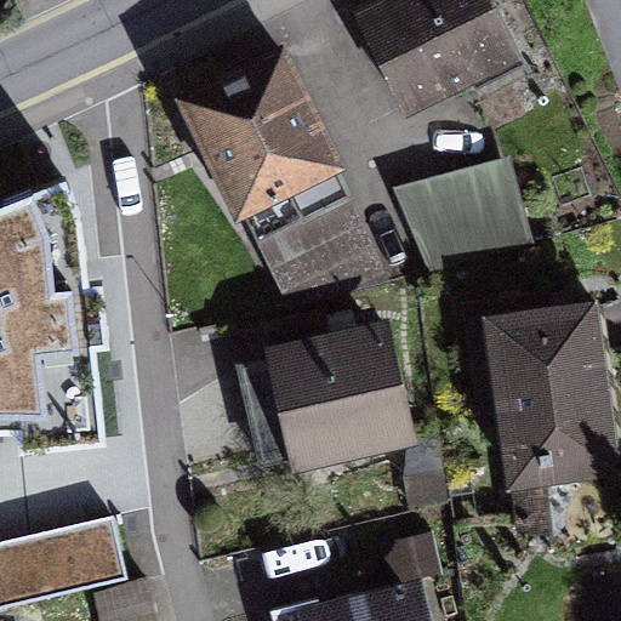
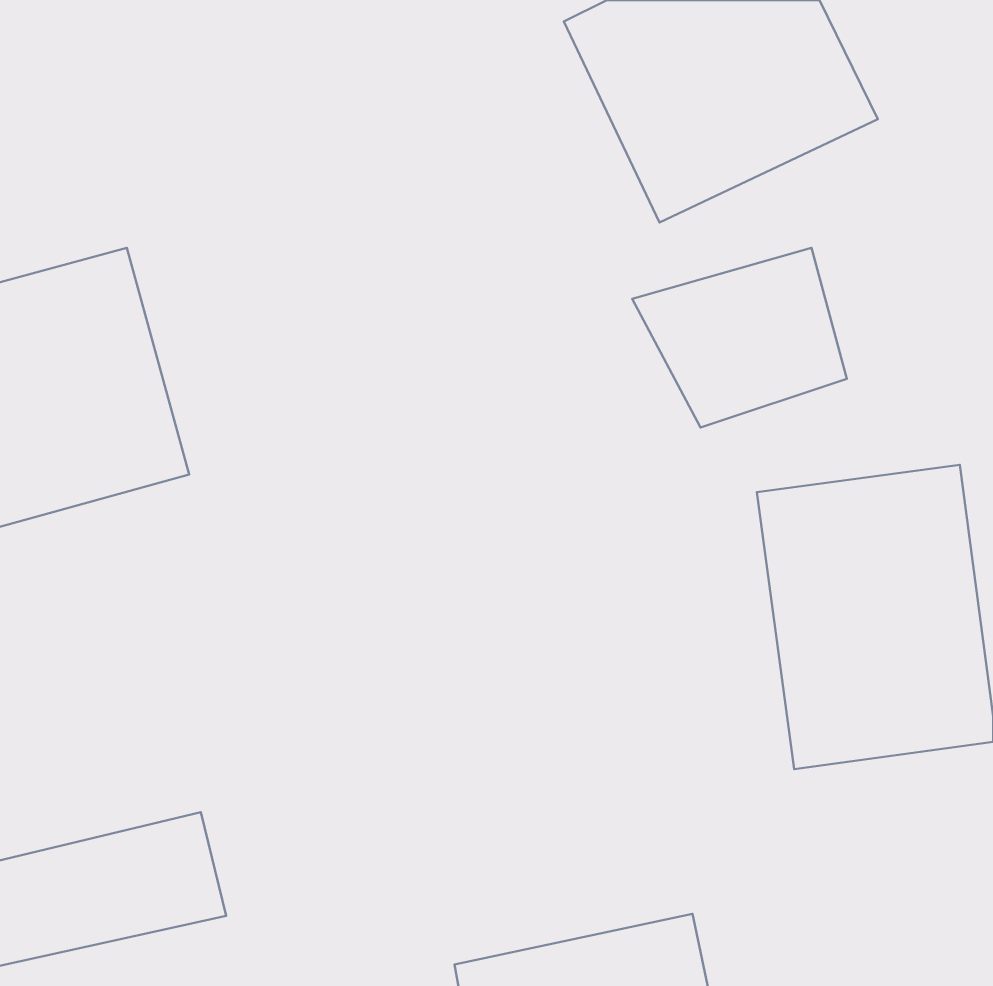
building: [176,52,376,308] -> none
building: [258,325,418,482] -> none

